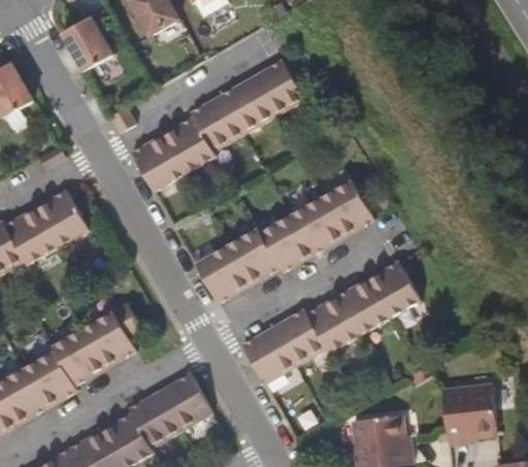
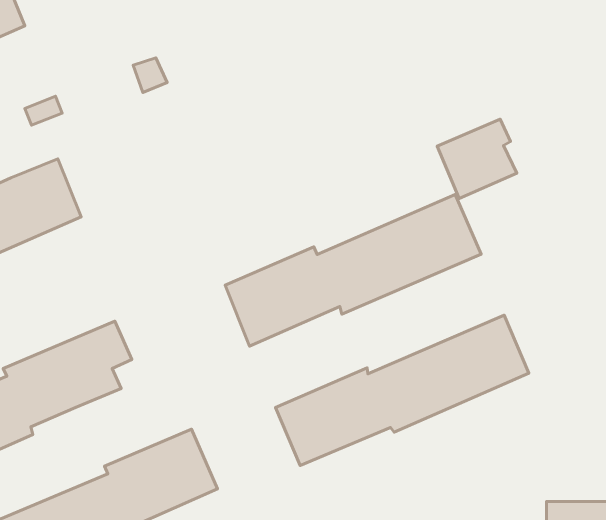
building: [131,60,304,195] -> none
building: none -> [437,119,517,199]

